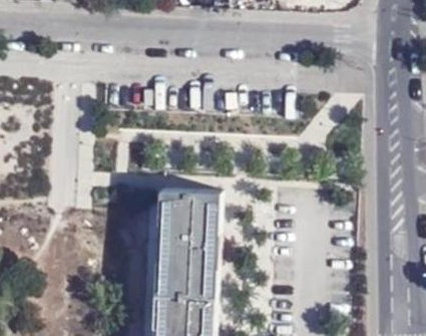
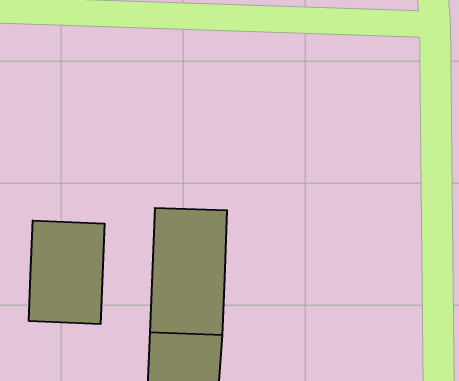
building: none -> [29,220,105,324]

